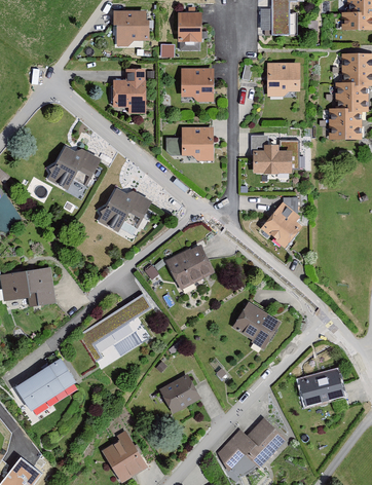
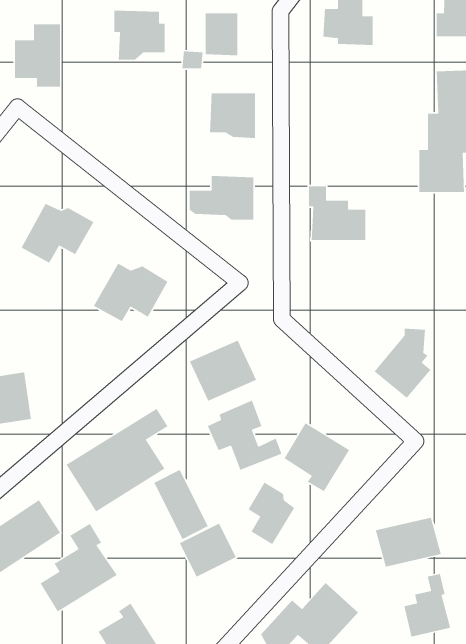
building: [267,64,301,97] -> none
building: [113,69,146,114] -> [14,24,61,88]
building: [261,197,302,248] -> [373,328,432,399]
building: none -> [207,400,283,471]
building: none -> [153,469,209,540]
building: none -> [247,482,295,545]
building: none -> [39,523,118,613]
building: none -> [403,573,451,638]

